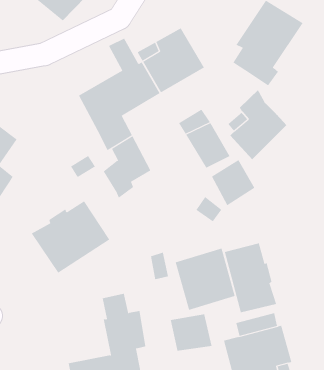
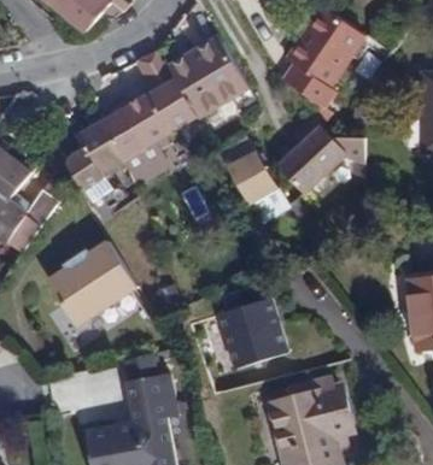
building: [103,136,151,198] -> [66,119,123,193]
building: [211,159,255,206] -> none
building: [224,242,277,313] -> none
building: [170,313,212,352] -> none

